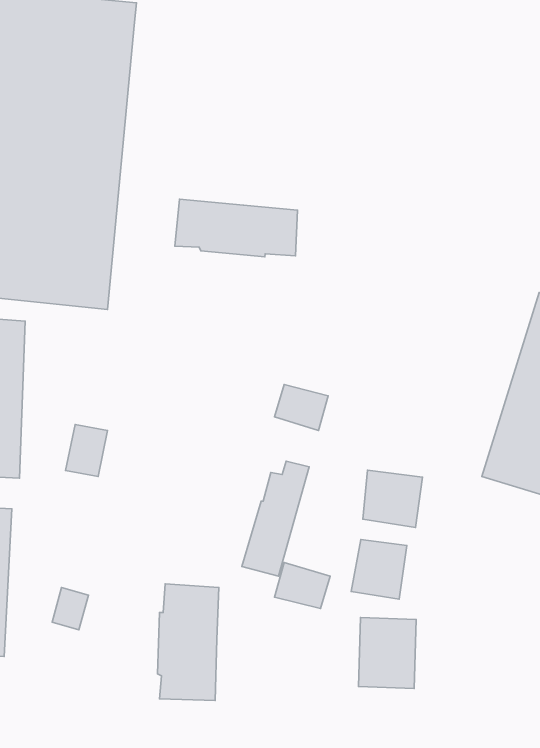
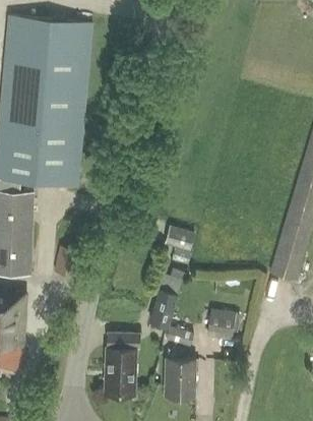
building: [175,199,298,257] -> none
building: [363,470,423,527] -> none
building: [359,618,416,689] -> [165,359,195,397]

